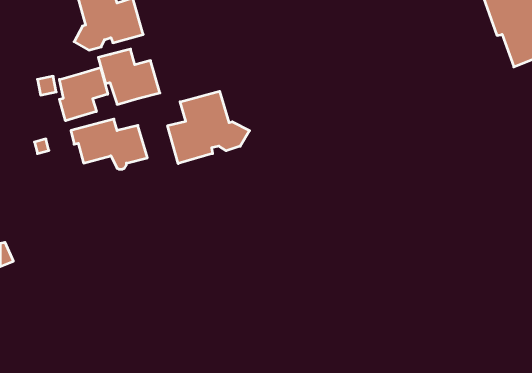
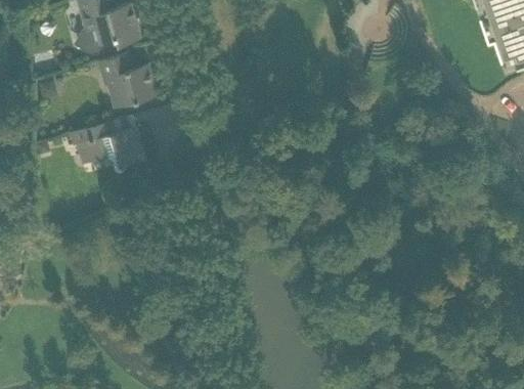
building: [59,67,108,121] -> none
building: [168,91,250,164] -> none

